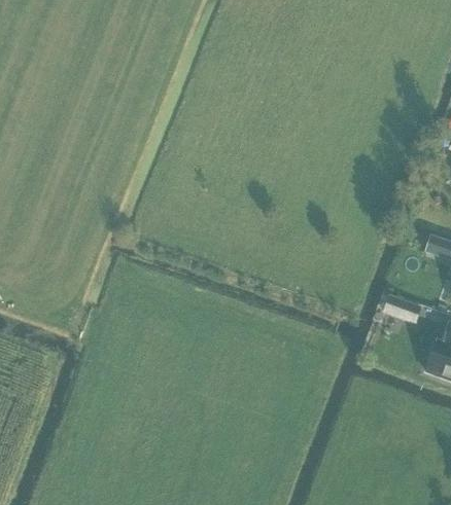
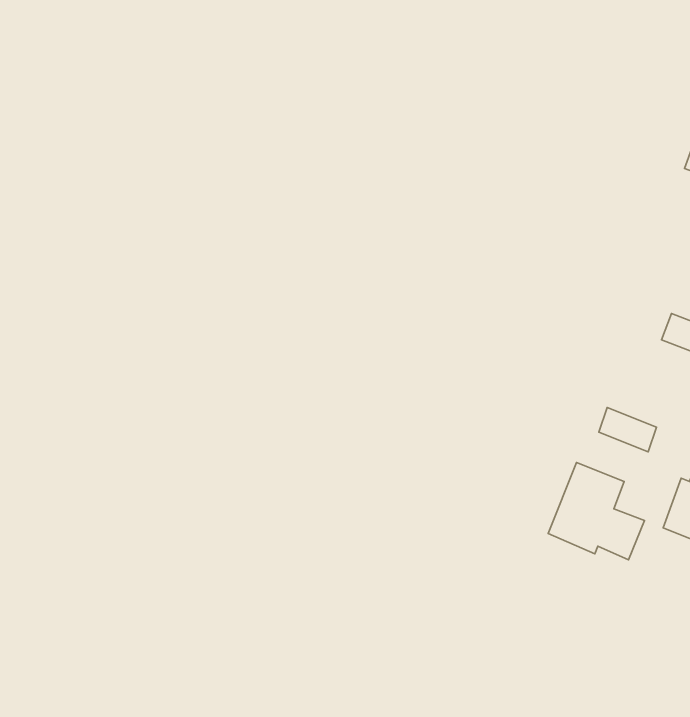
building: none -> [548,463,644,560]

